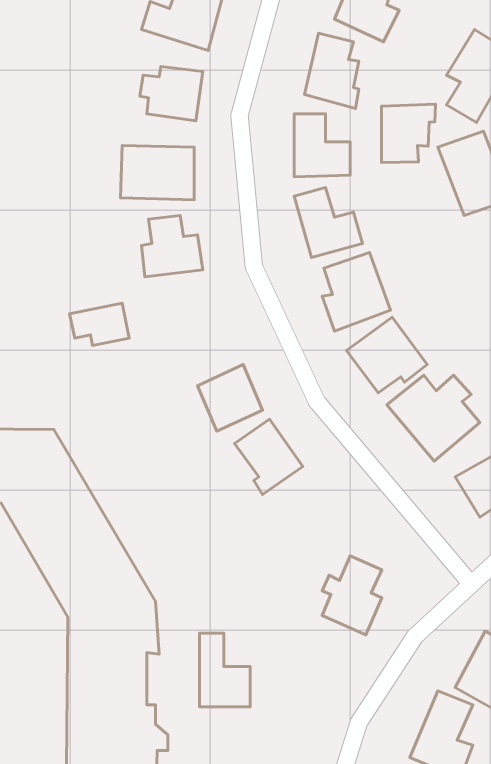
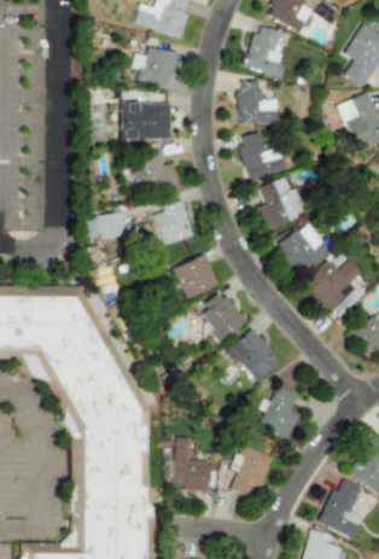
building: [382,104,436,163] -> none
building: none -> [153,199,194,244]
building: none -> [229,327,282,382]
building: none -> [232,444,274,499]

